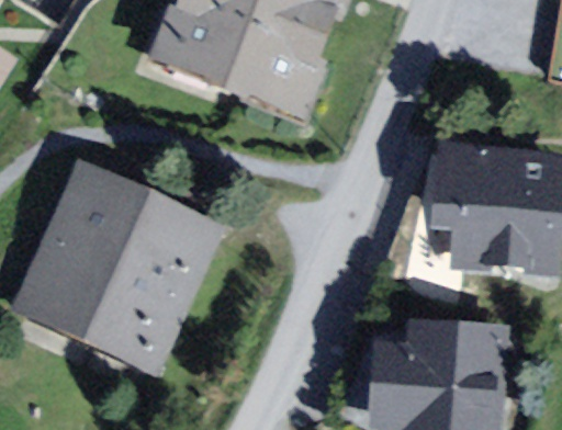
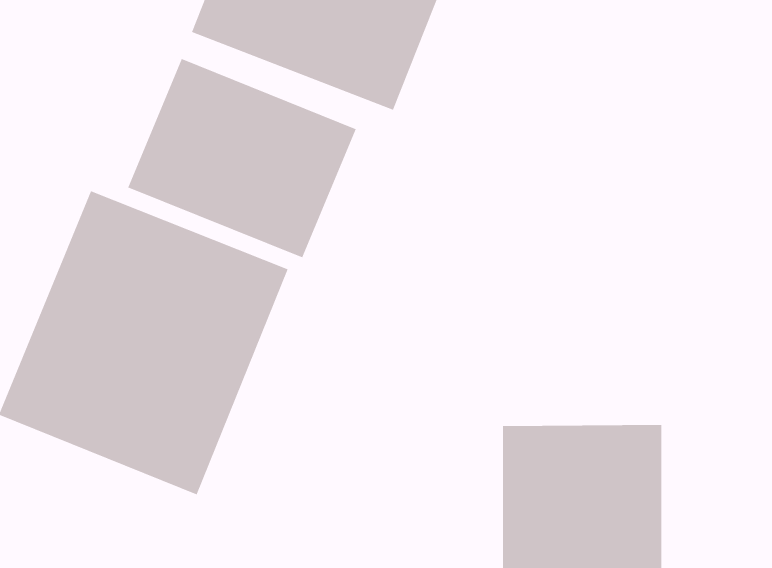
building: none -> [127,58,357,258]
building: [449,147,555,260] -> none

